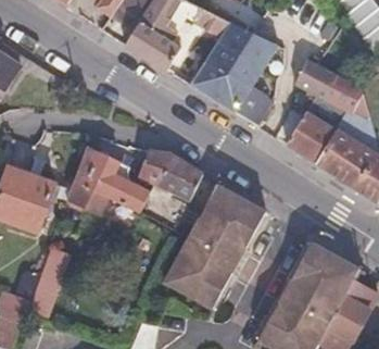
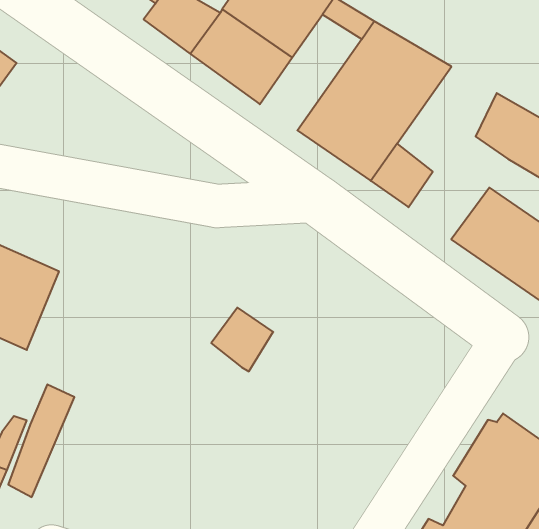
building: [67,144,147,208] -> none
building: [134,148,203,198] -> none
building: [163,184,268,314] -> none

